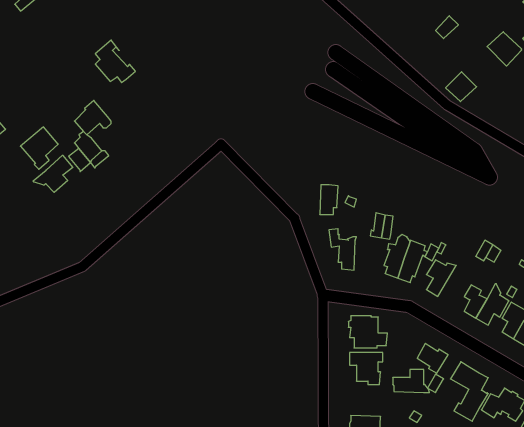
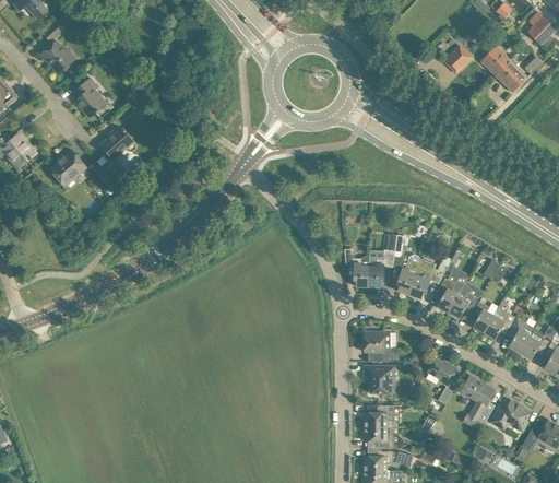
building: none -> [41,39,76,72]
building: [95,40,135,83] -> [75,76,114,117]
building: [446,72,477,102] -> [480,45,510,73]
building: [33,155,73,192] -> none
building: [320,185,338,214] -> [368,258,385,286]
building: none -> [448,282,479,318]
building: [393,370,429,393] -> [364,404,399,426]

